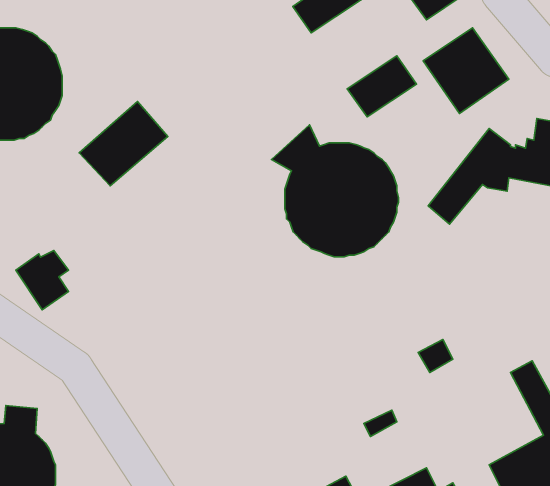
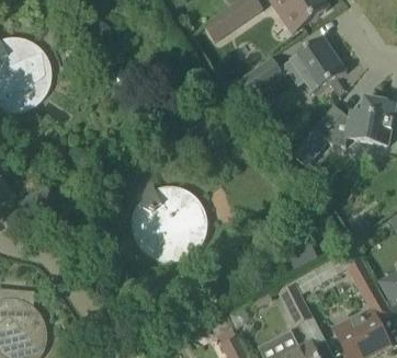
building: [79,102,168,186] -> none
building: [272,125,399,257] -> [124,174,208,262]
building: none -> [280,285,314,325]

